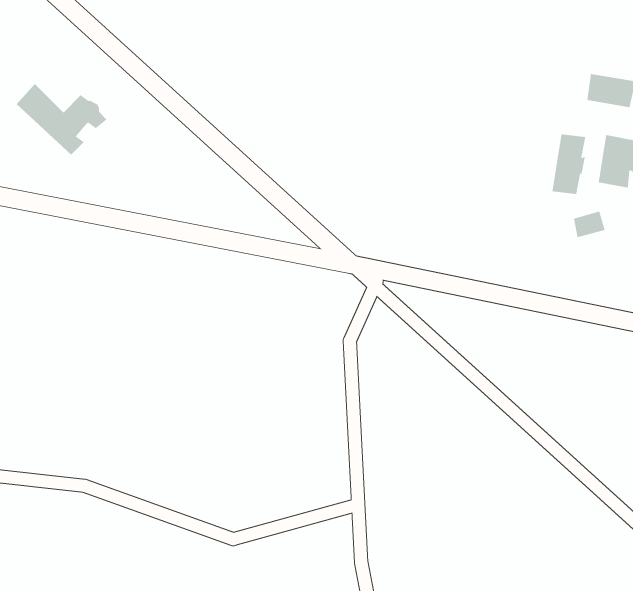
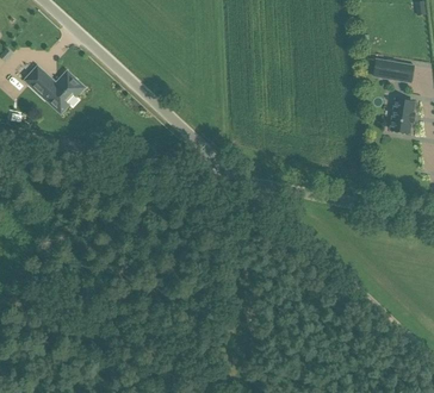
building: [552,134,586,195] -> none

